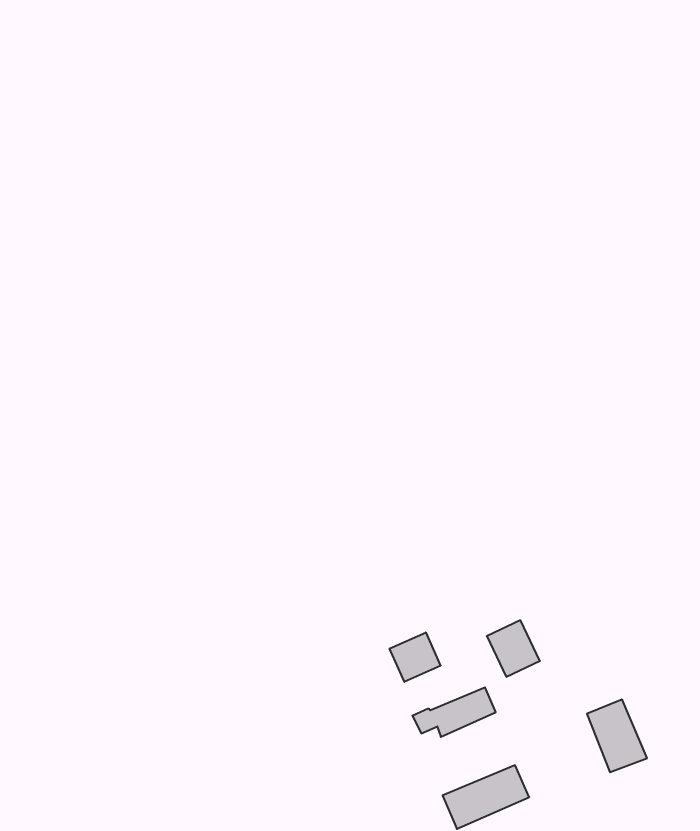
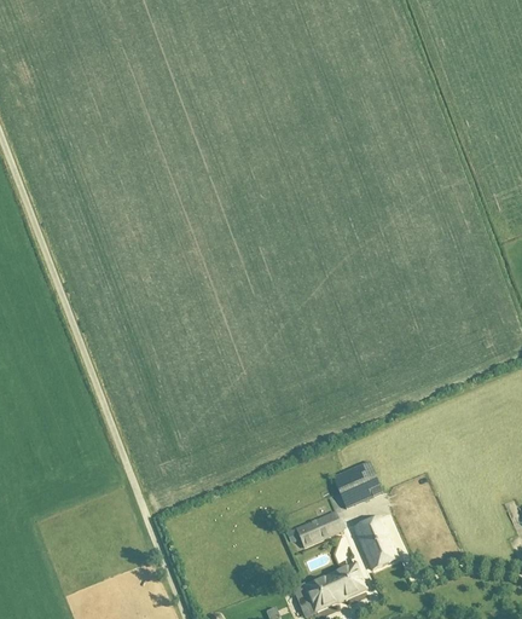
building: [390,632,441,682] -> none
building: [587,700,647,772] -> [355,517,396,567]

